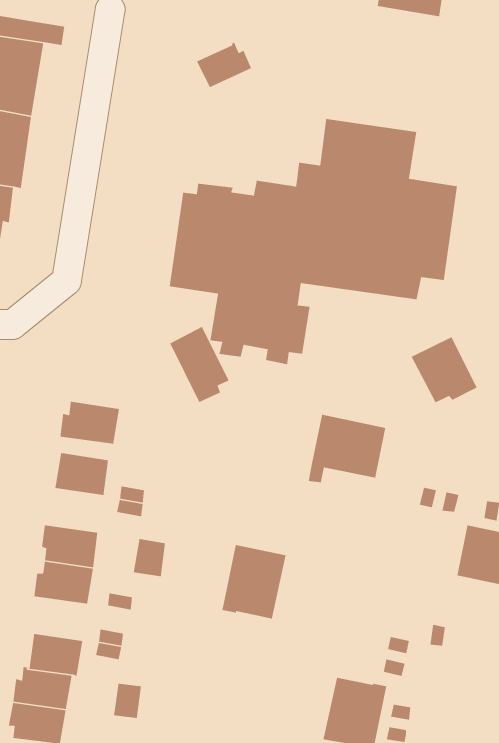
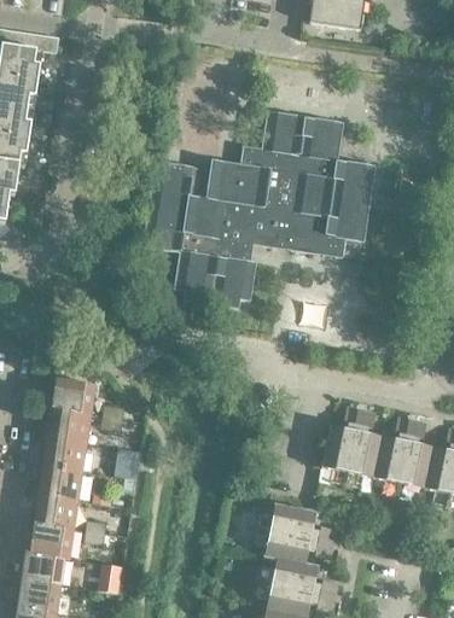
building: [196,41,252,88] -> none
building: [169,326,230,403] -> none
building: [411,336,478,404] -> none
building: [60,401,120,445] -> [42,408,91,443]
building: [308,414,386,483] -> [319,426,382,482]
building: [222,544,286,619] -> [264,505,316,565]
building: none -> [31,495,77,530]

